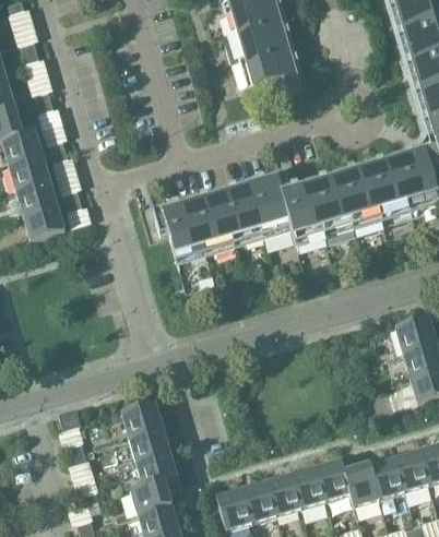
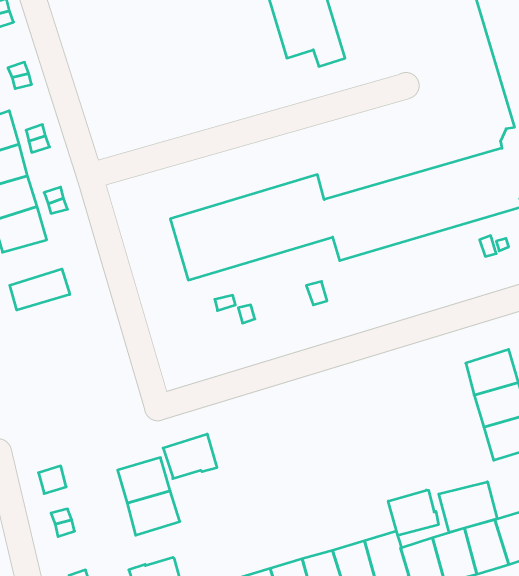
building: none -> [10,269,70,310]
building: none -> [439,482,497,533]
building: none -> [388,490,438,536]
building: [134,450,177,485] -> [163,434,217,479]

